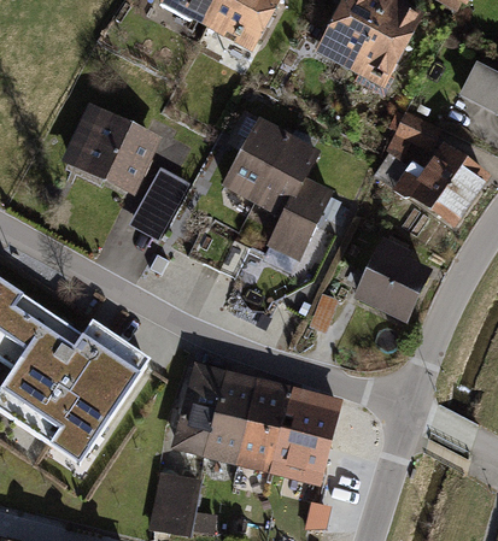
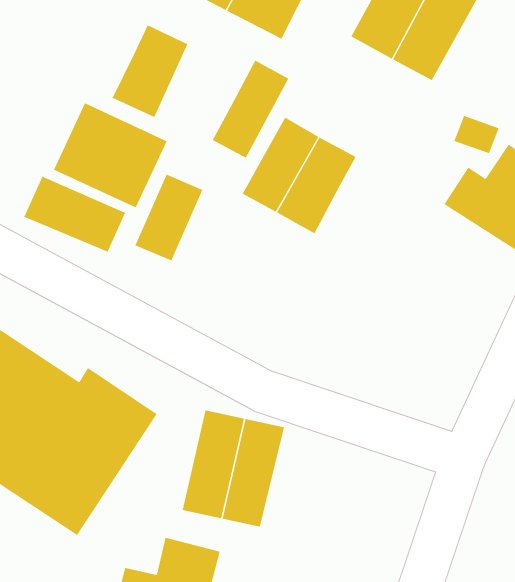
building: none -> [112,25,188,118]
building: none -> [24,176,126,253]
building: [265,177,330,260] -> [212,60,289,159]
building: [353,239,435,324] -> none
building: [235,378,288,471] -> none
building: [286,393,361,484] -> none

